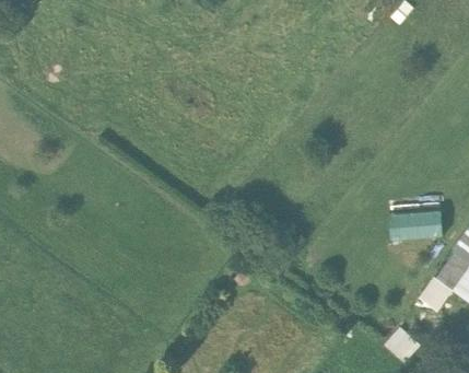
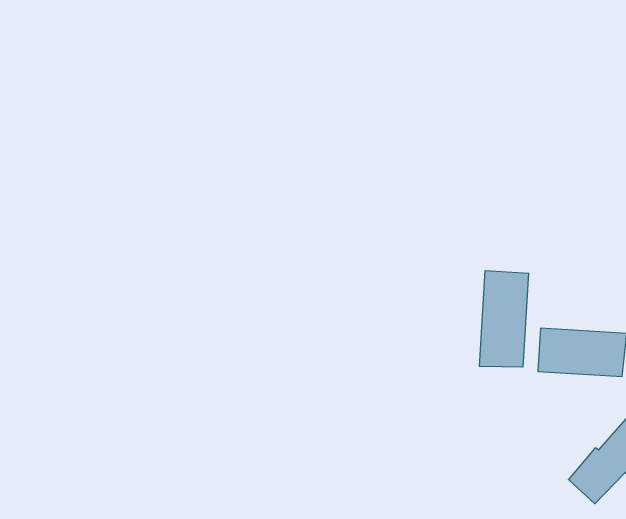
building: none -> [479,271,529,367]

